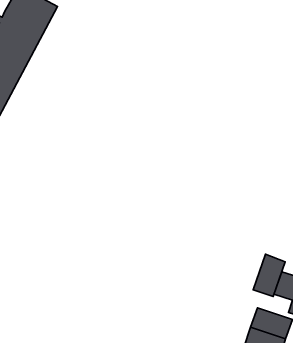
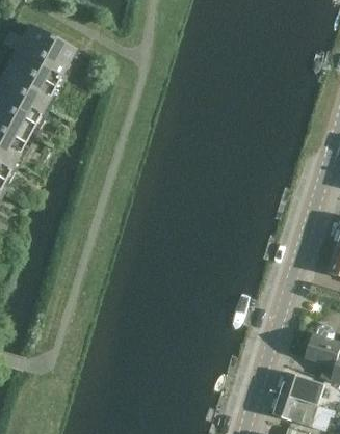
building: [253,254,285,297] -> none

